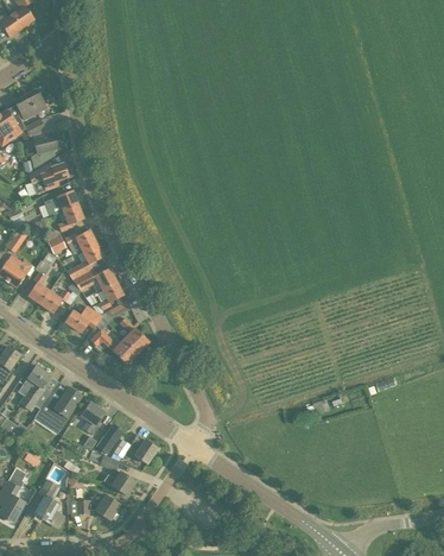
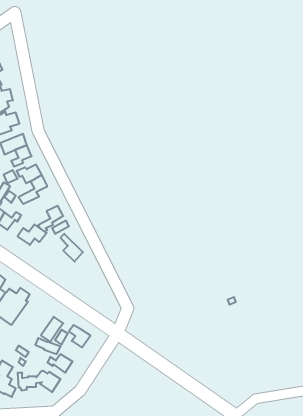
building: [72,267,116,291] -> none
building: [90,329,138,364] -> none
building: [82,402,106,441] -> none

